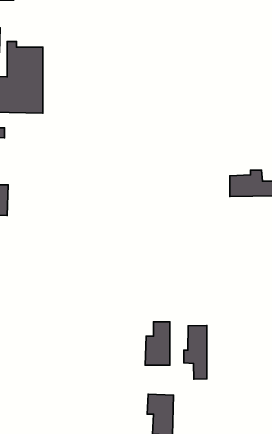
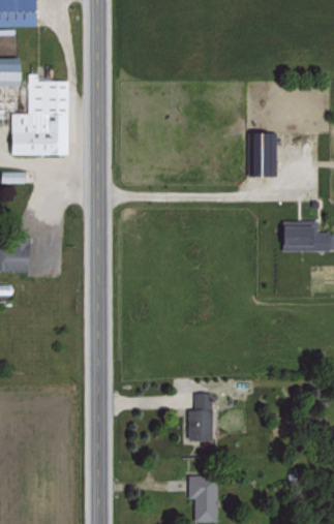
building: none -> [249,132,275,176]
building: [184,325,207,379] -> none

